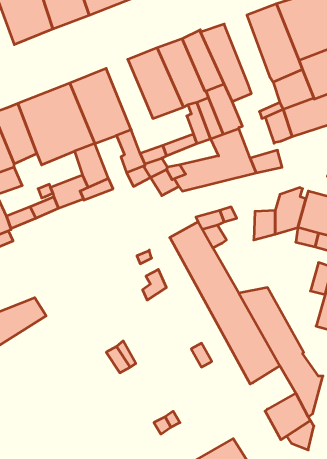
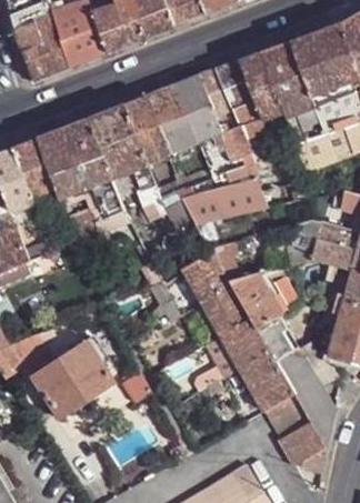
building: none -> [238,52,282,120]
building: none -> [122,95,168,162]
building: none -> [228,274,283,324]
building: none -> [31,340,114,420]
building: none -> [266,395,308,437]

